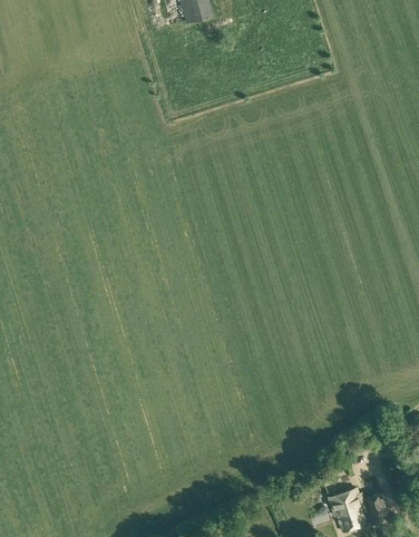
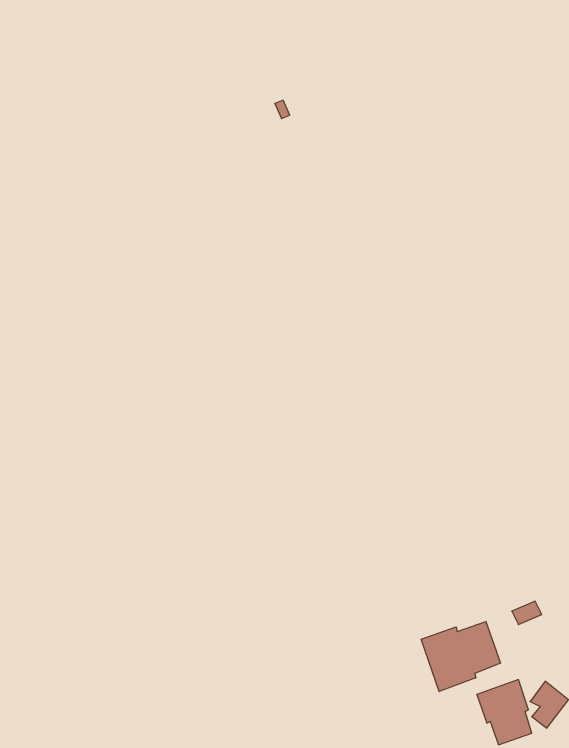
building: none -> [421,621,501,692]

